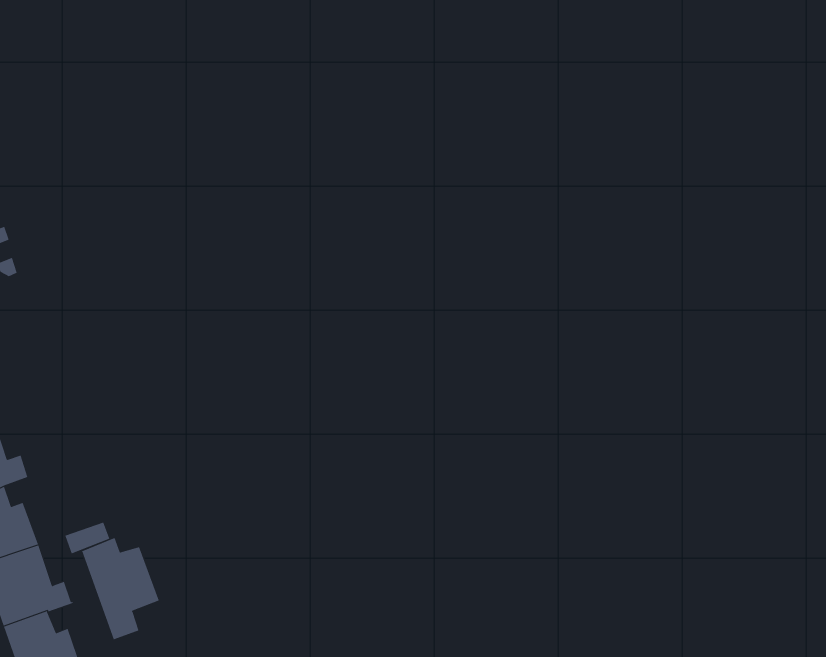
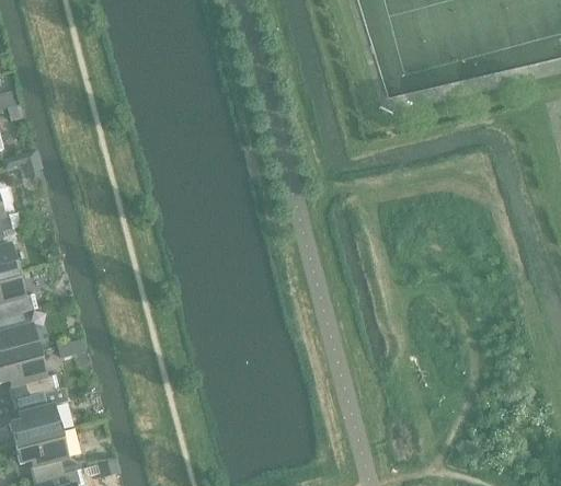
building: [82,537,160,640] -> none

